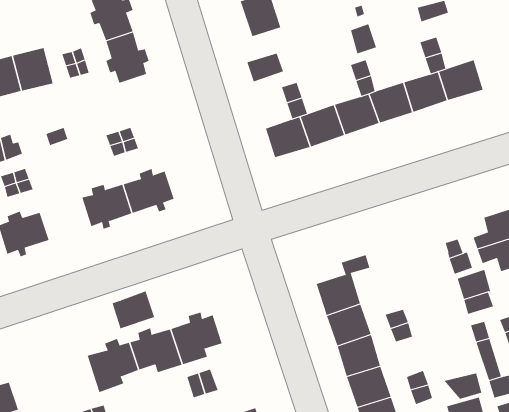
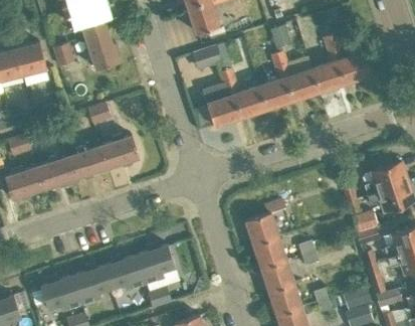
building: none -> [37,156,75,189]
building: [112,290,155,329] -> none
building: none -> [41,277,81,311]

